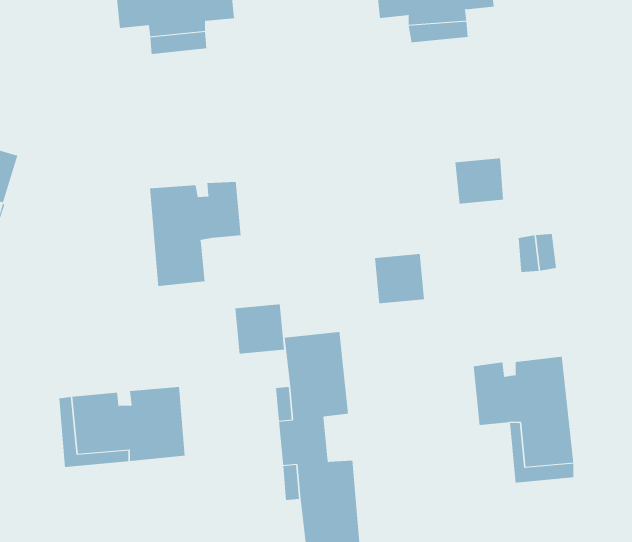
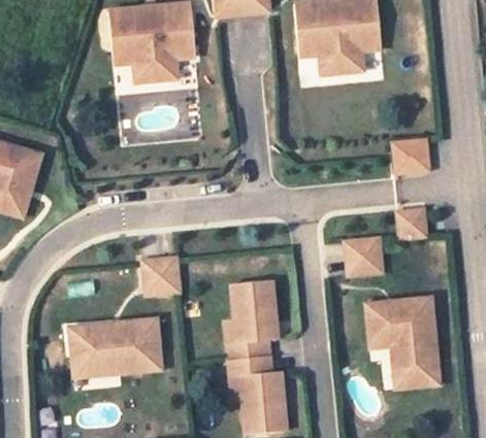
building: [455,158,504,204] -> [393,139,428,172]
building: [150,181,241,287] -> none
building: [374,253,425,304] -> [346,238,382,274]
building: [234,304,285,354] -> [143,258,180,294]

